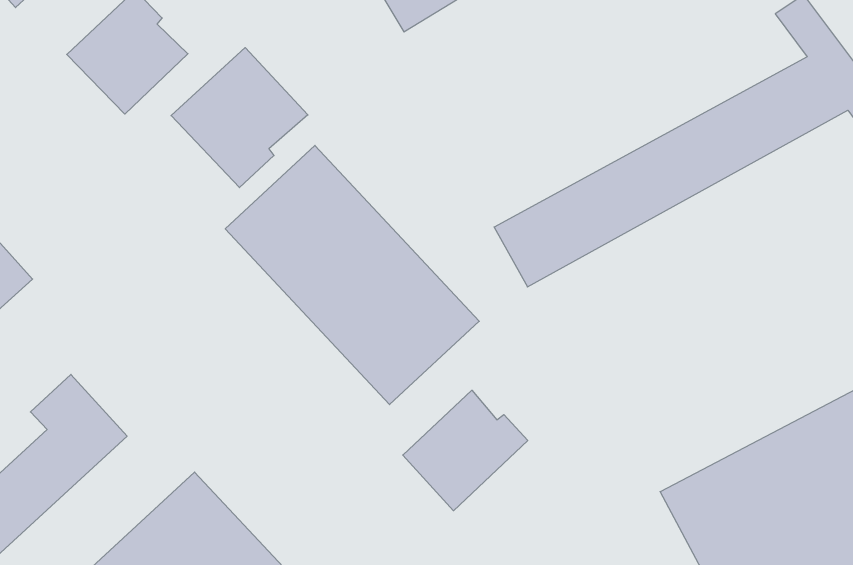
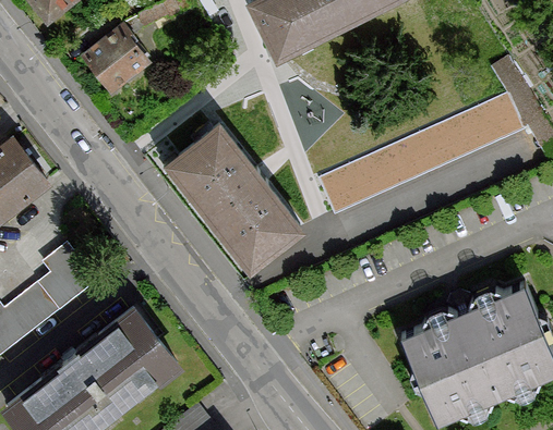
building: [171,48,308,188] -> none
building: [403,390,528,511] -> none

